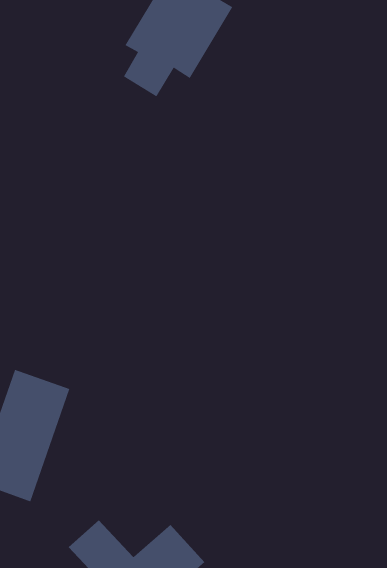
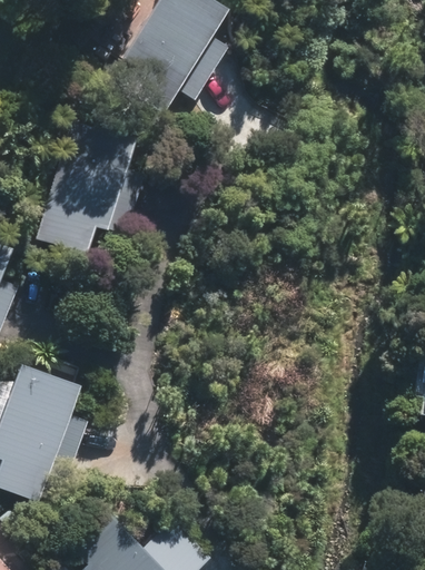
building: none -> [45,126,130,248]

